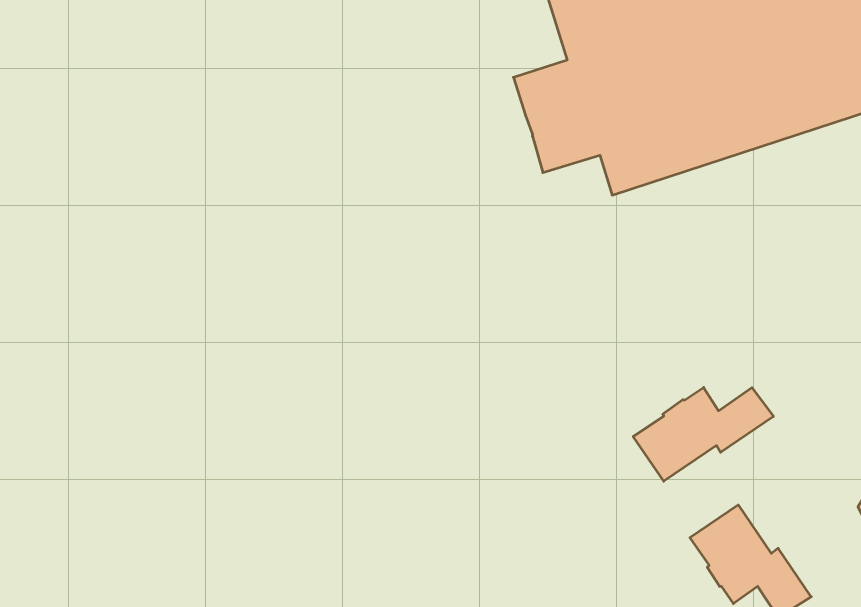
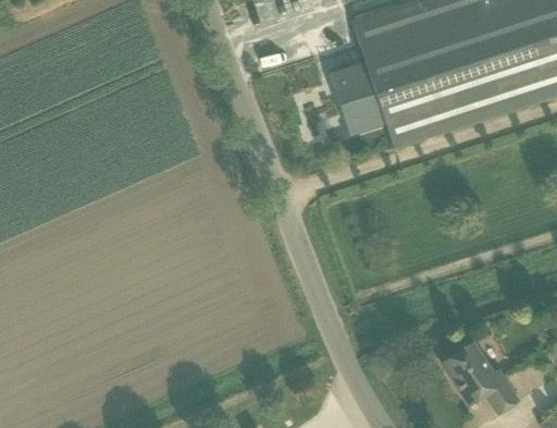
building: [633,387,773,481] -> none

